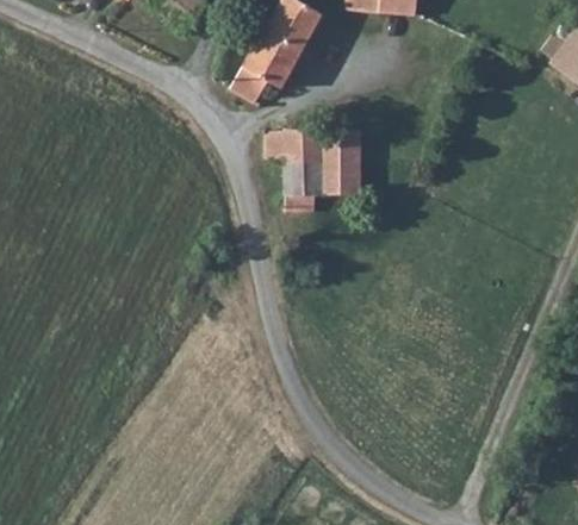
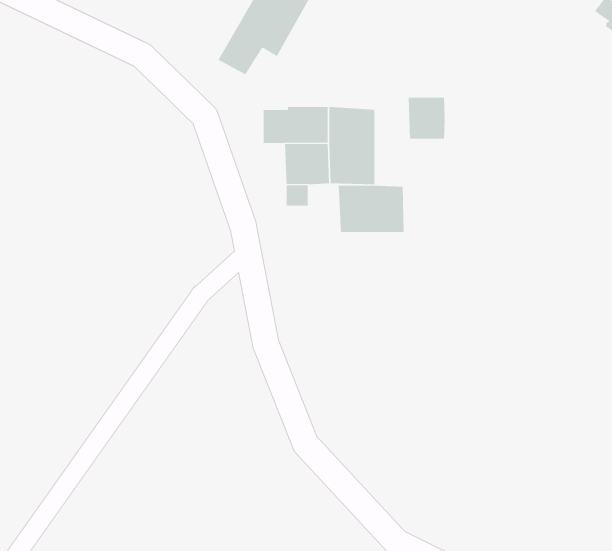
building: none -> [408,97,445,140]
building: none -> [338,185,404,233]

